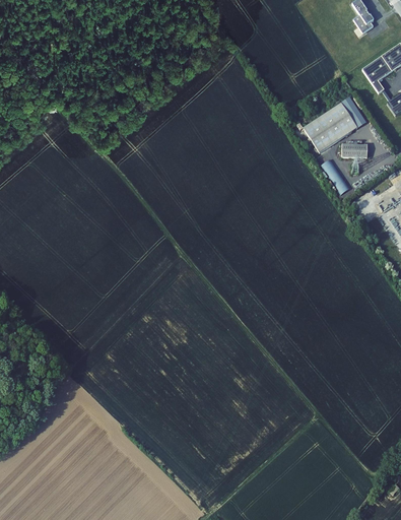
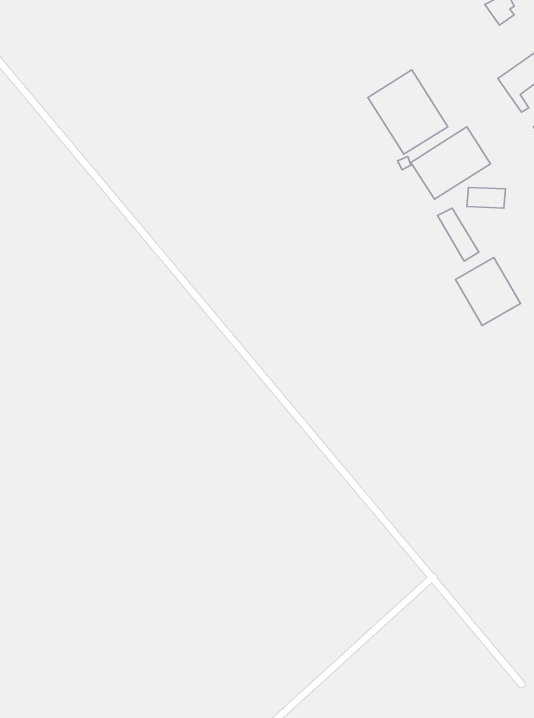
building: none -> [368,70,448,154]
building: none -> [455,258,521,326]

